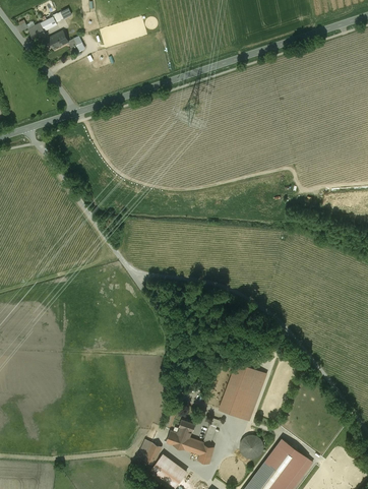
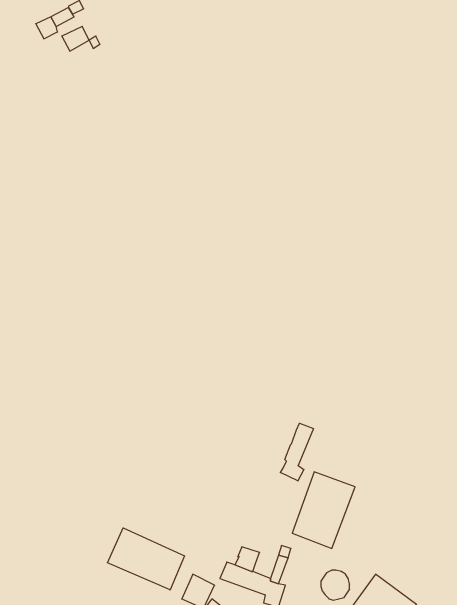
building: none -> [280,423,314,481]
building: none -> [108,528,185,590]

